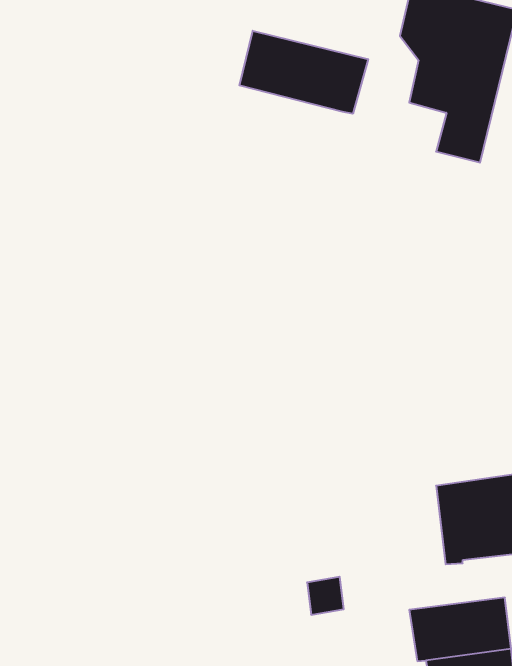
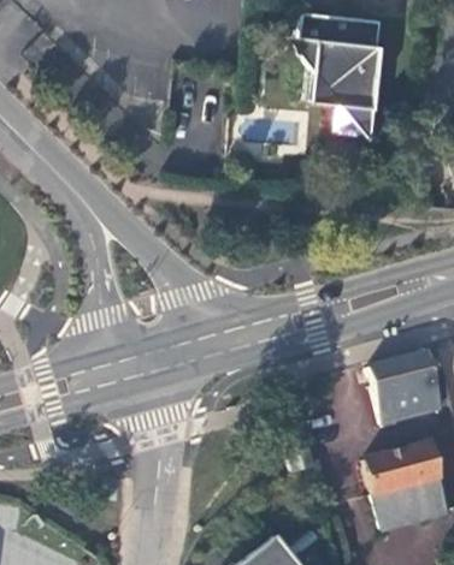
building: [239,31,368,114] -> none

